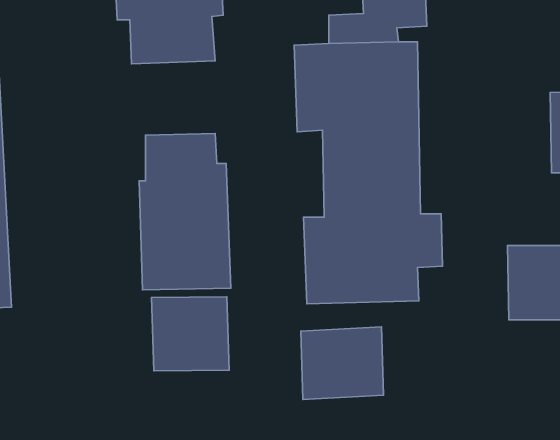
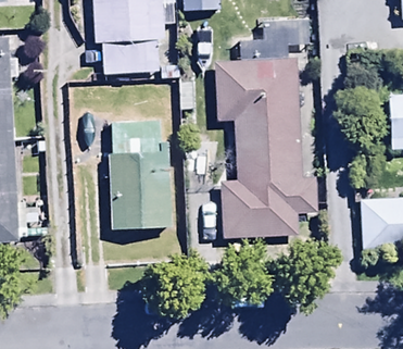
building: [152,297,229,371] -> none
building: [301,327,383,400] -> none

